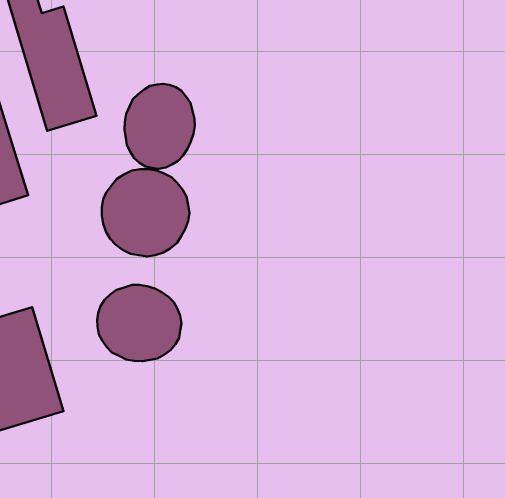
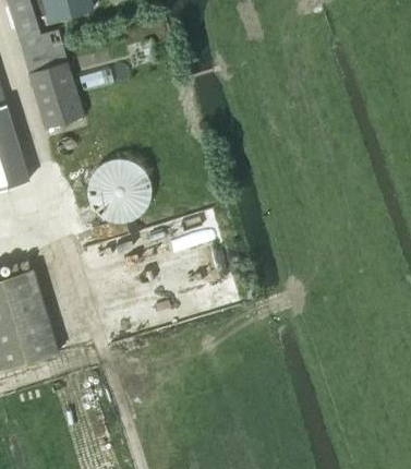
building: [125,84,195,169] -> none
building: [97,285,181,361] -> none

